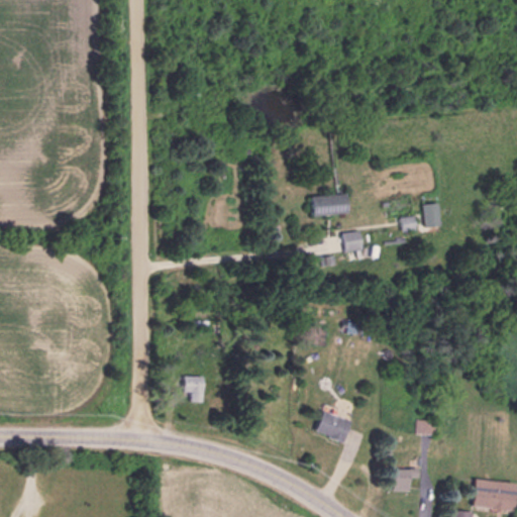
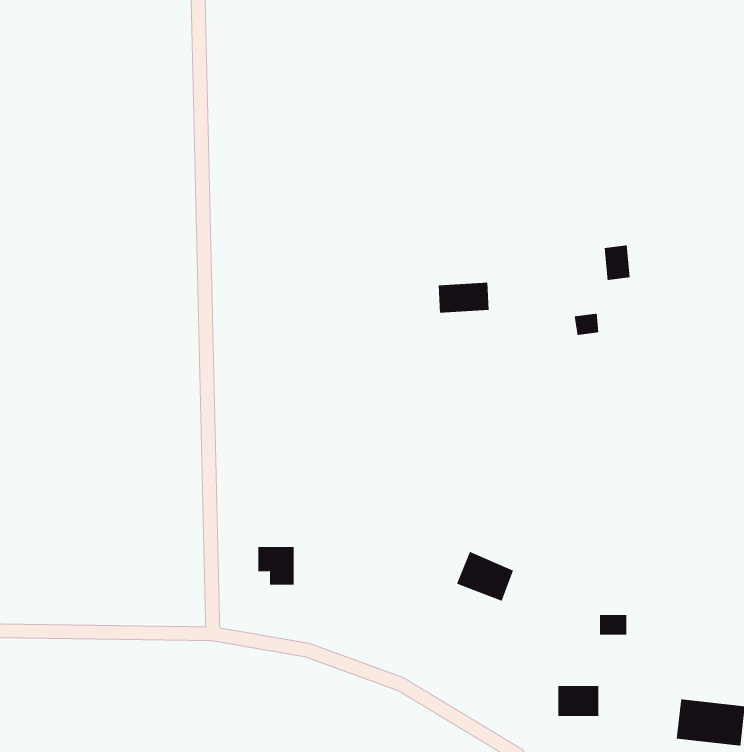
building: [424,203,442,227] -> [604,245,630,280]
building: [339,230,363,251] -> none
building: [312,410,351,444] -> [456,551,514,602]

